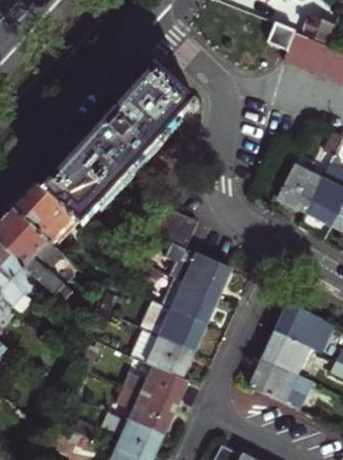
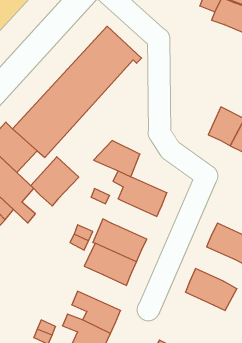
building: none -> [31,157,79,206]
building: [163,277,218,324] -> none
building: [264,333,311,374] -> none
building: [122,366,187,409] -> none

